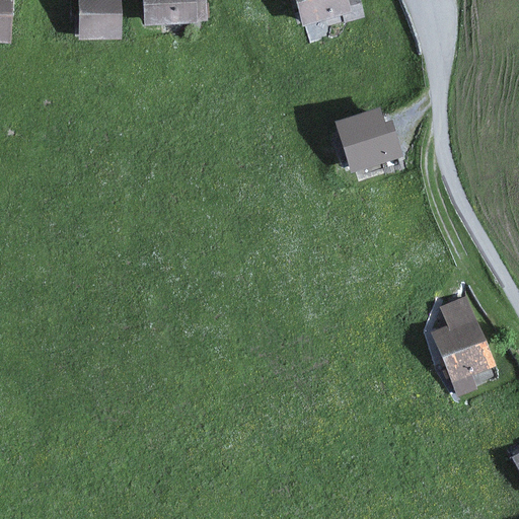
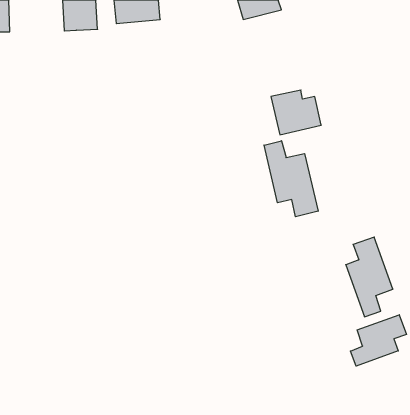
building: none -> [264,141,318,217]
building: none -> [350,315,407,366]

